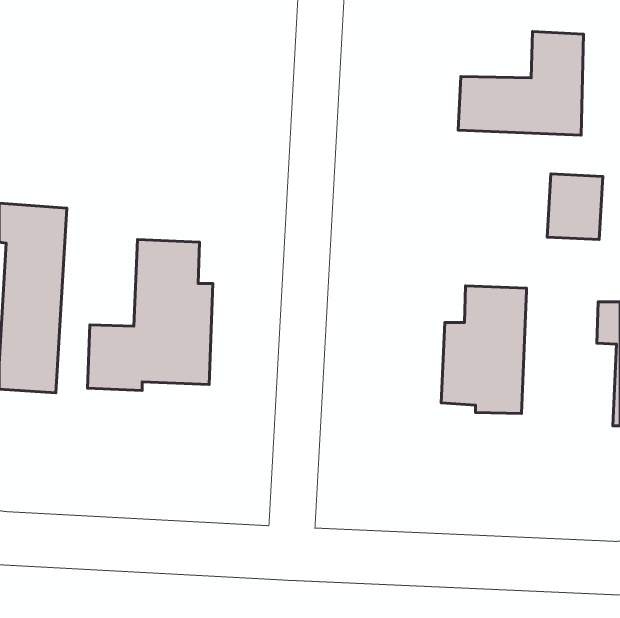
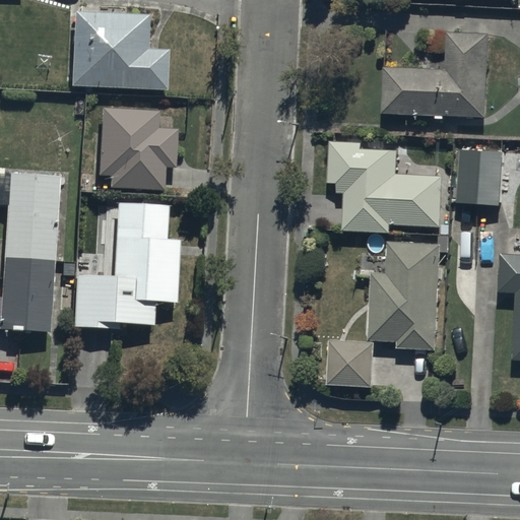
building: none -> [70,11,168,89]
building: none -> [96,108,176,191]
building: none -> [328,139,441,231]
building: none -> [328,340,375,387]

